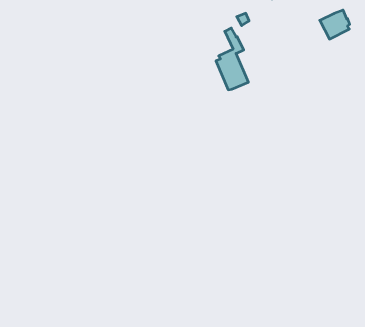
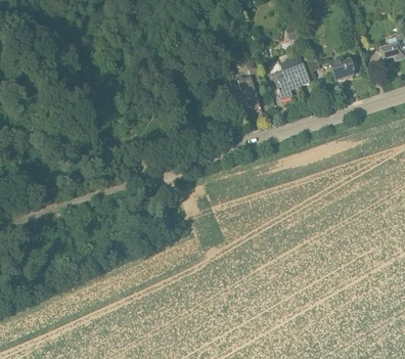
building: none -> [271,63,309,98]

